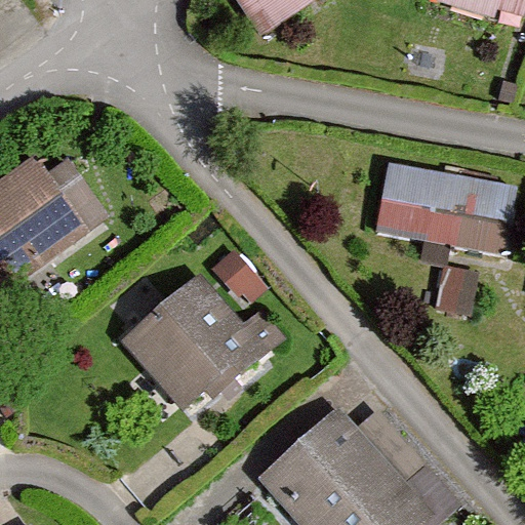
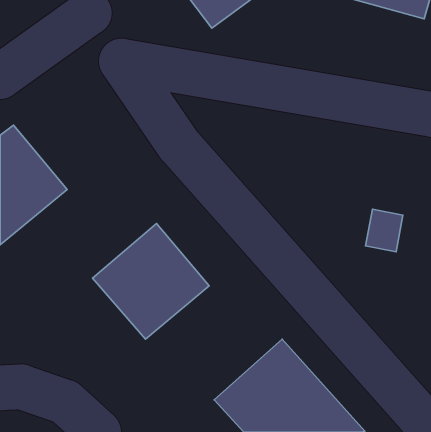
building: [380,167,519,256] -> none

